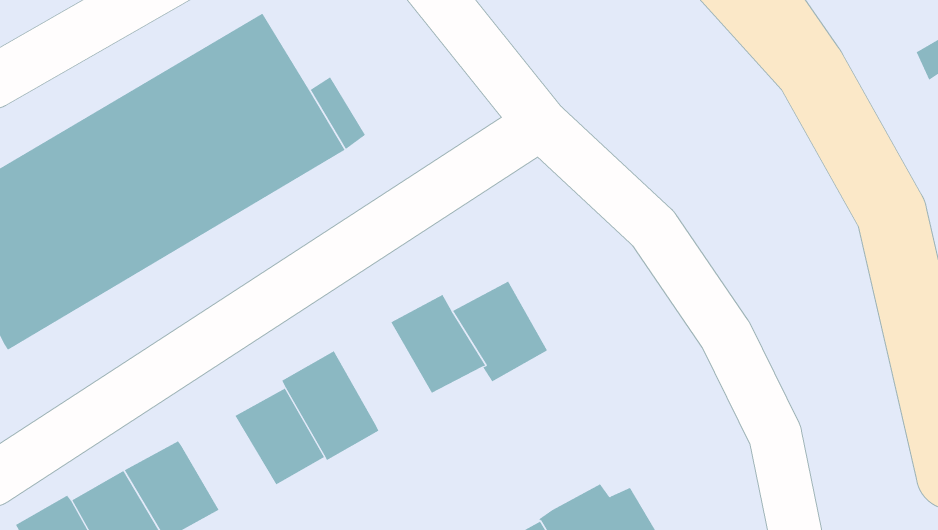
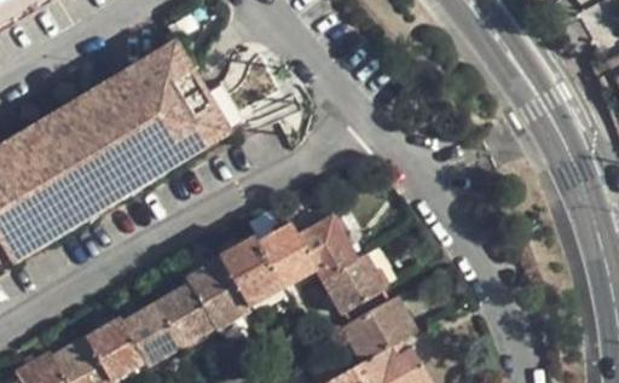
building: none -> [219,236,283,307]
building: none -> [322,255,384,314]
building: none -> [342,297,417,362]
building: none -> [122,302,183,365]

